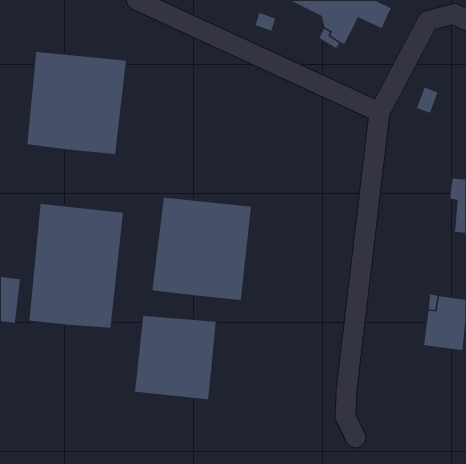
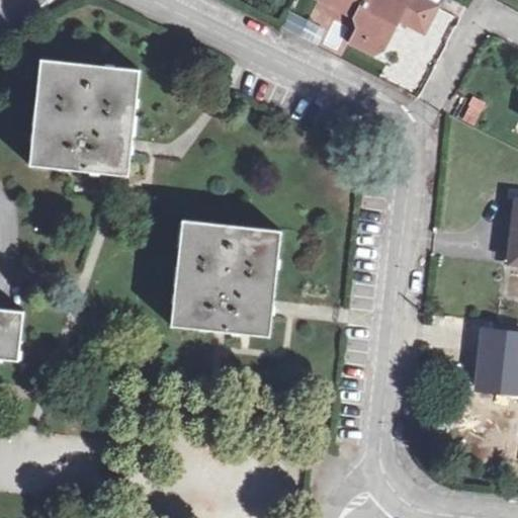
building: [29,203,124,329] -> none
building: [134,315,217,400] -> none

